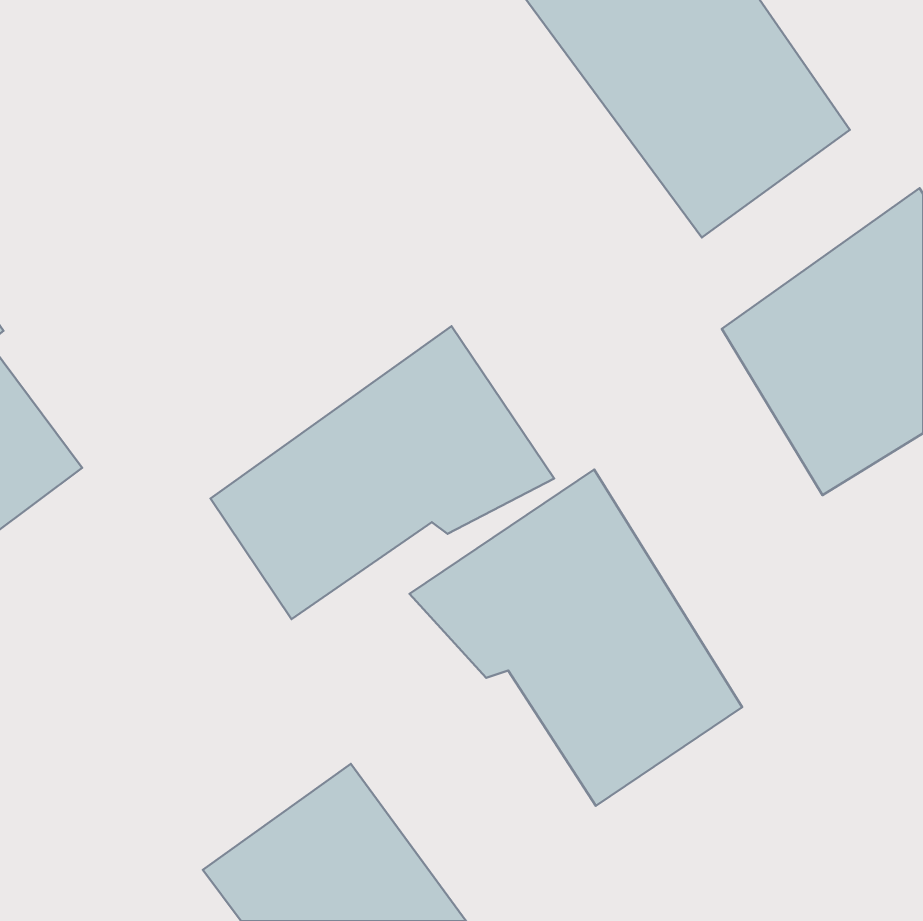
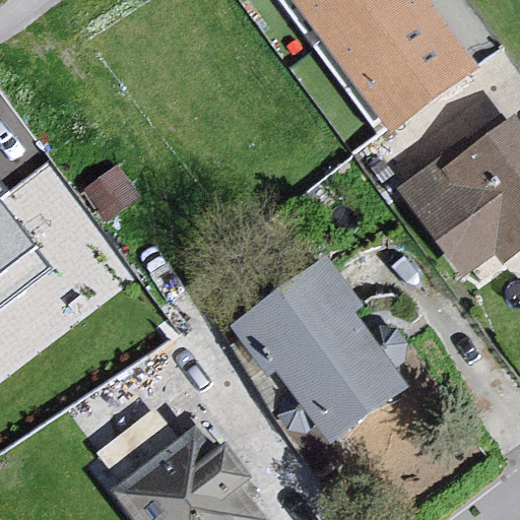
building: [210,326,554,619] -> none

